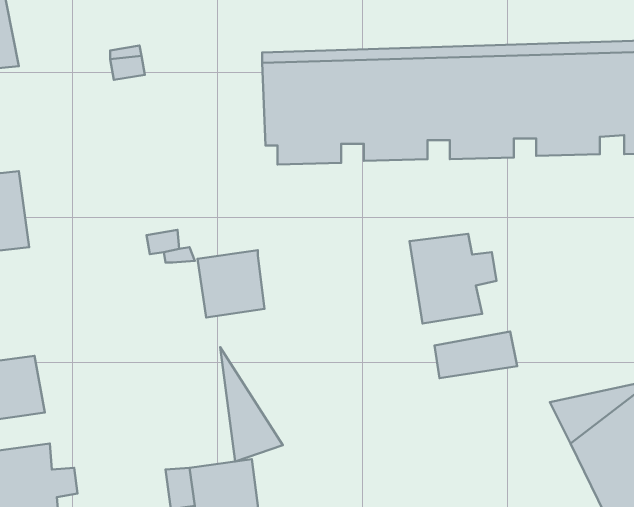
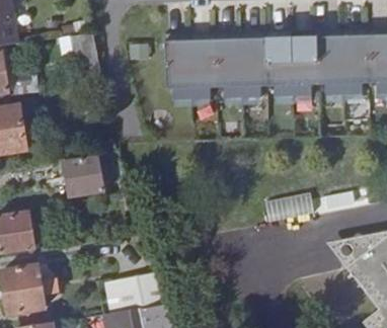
building: [410,234,496,323] -> none
building: [197,250,265,317] -> [63,158,102,197]
building: [220,347,283,461] -> none

